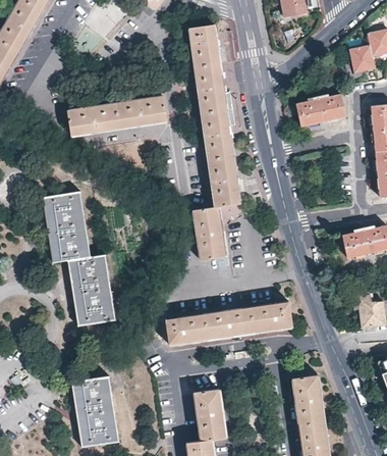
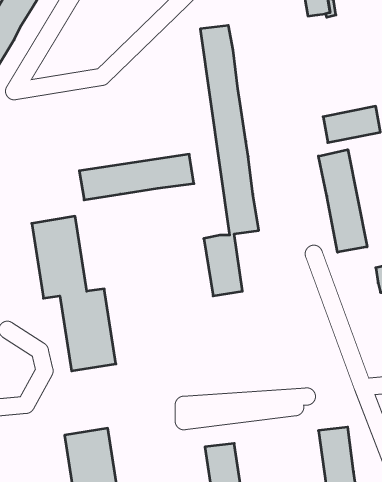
building: [67,96,167,136] -> [79,154,194,200]
building: none -> [318,150,367,252]
building: [165,301,292,345] -> none

